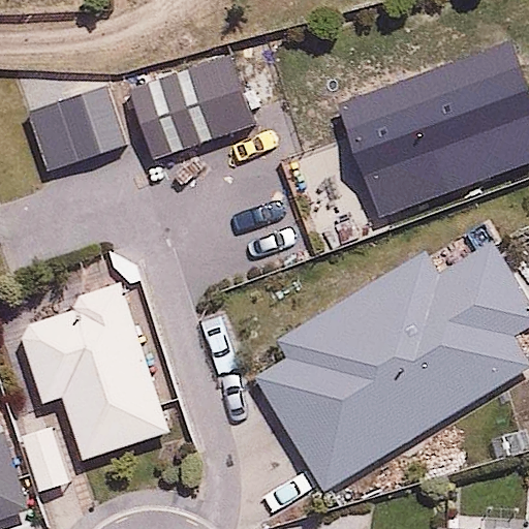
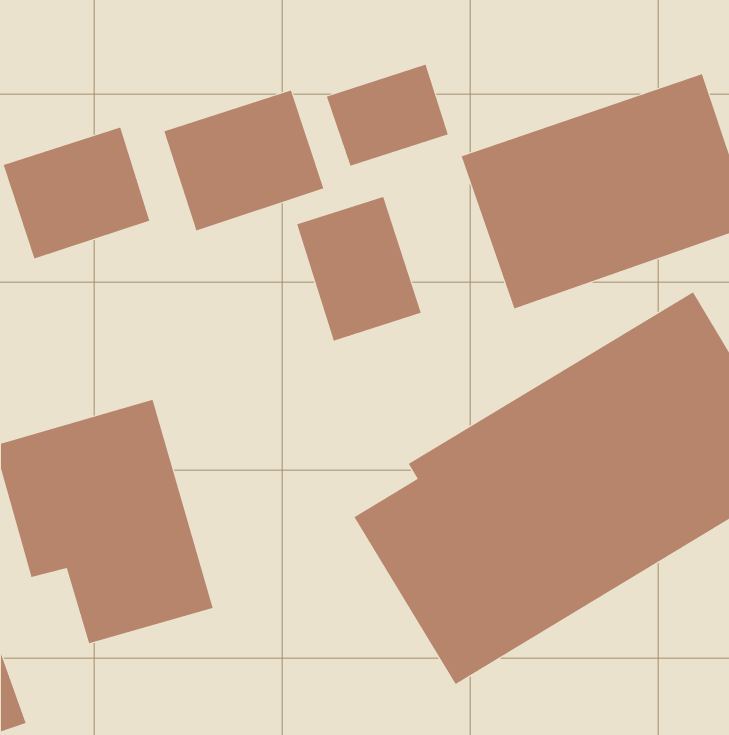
building: none -> [326,64,449,167]
building: none -> [297,196,421,341]

